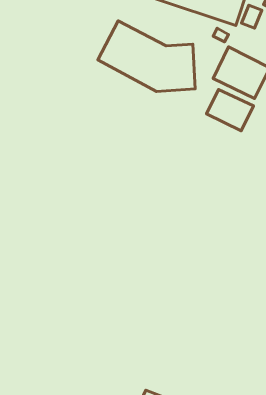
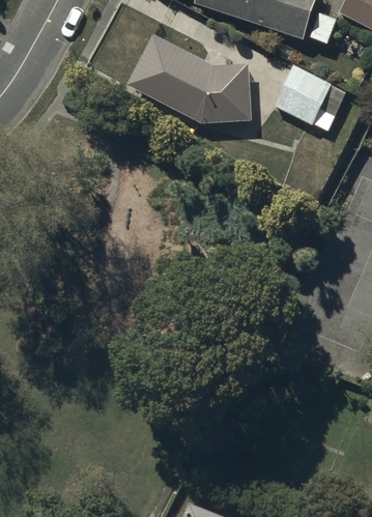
building: [207,89,253,131] -> none

